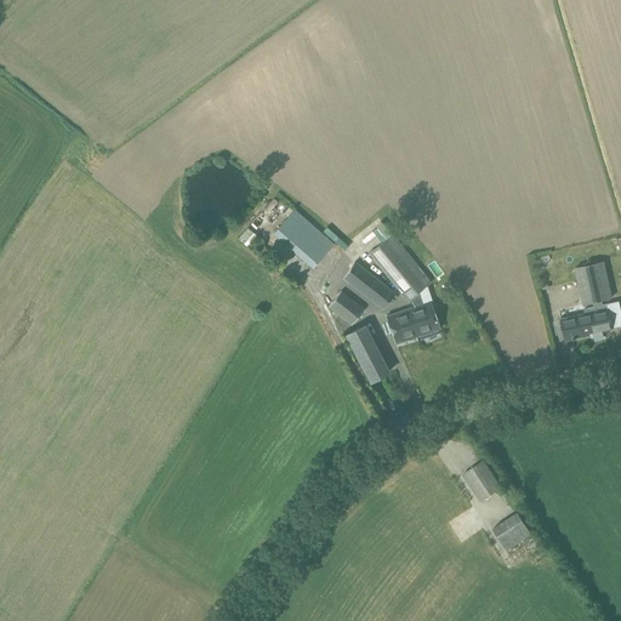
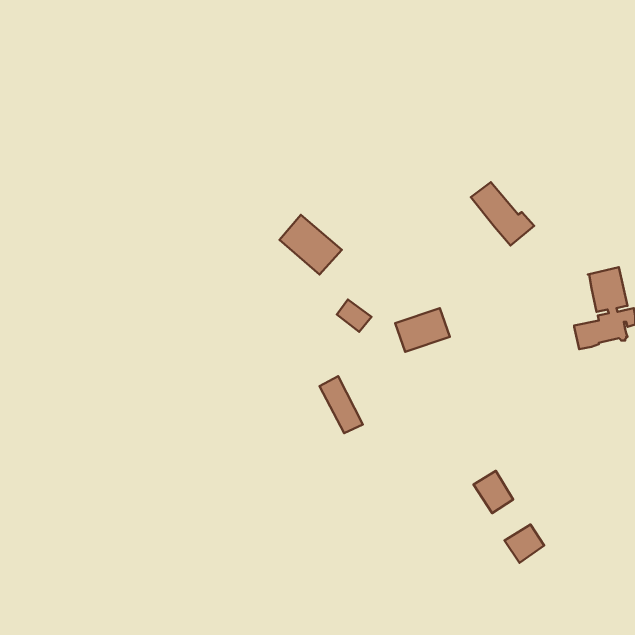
building: [369,239,431,301] -> [471,182,534,246]
building: [343,263,394,308] -> none
building: [346,325,388,381] -> [319,376,363,433]

